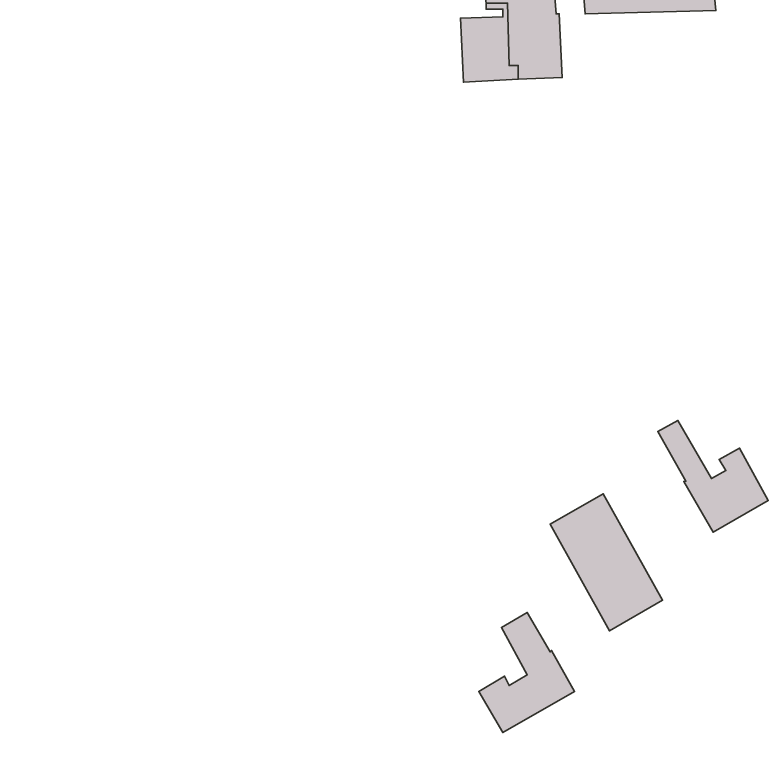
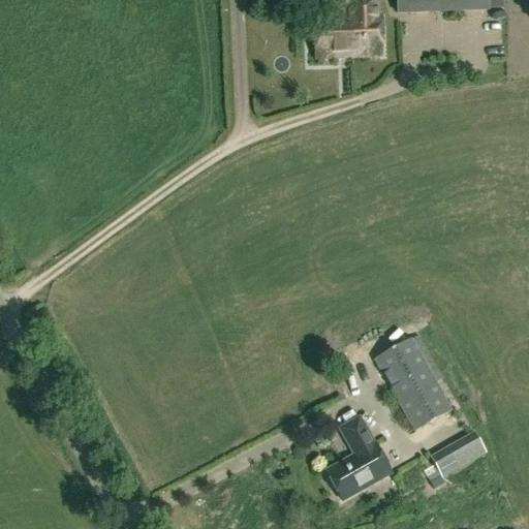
building: [658,420,768,532] -> none
building: none -> [432,430,486,473]

